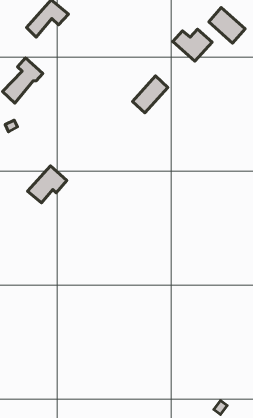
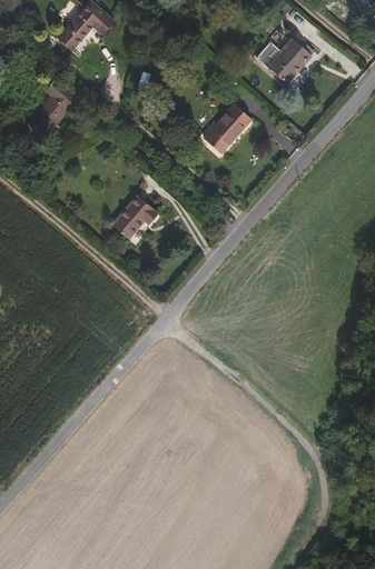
building: [209,8,245,43] -> none
building: [27,166,67,203] -> [108,189,161,239]

